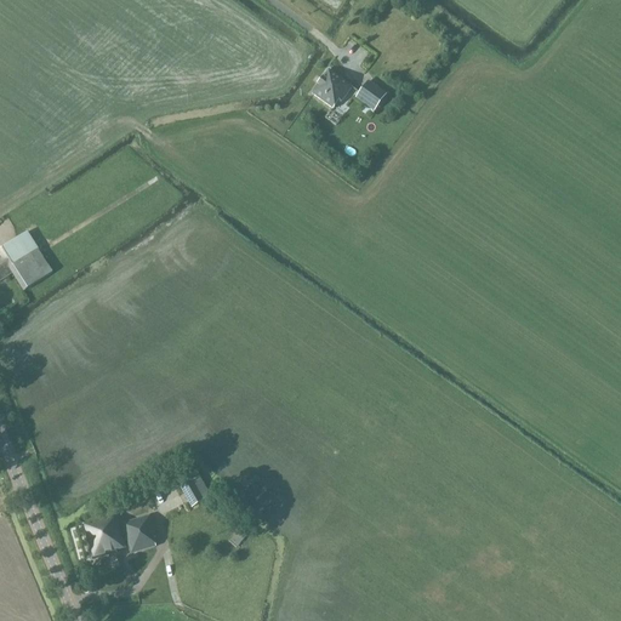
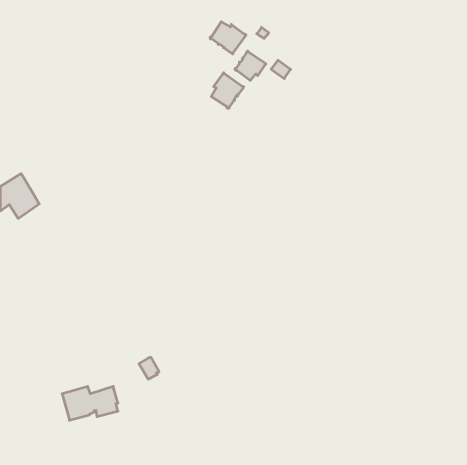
building: none -> [210,22,246,54]
building: none -> [211,73,244,108]

